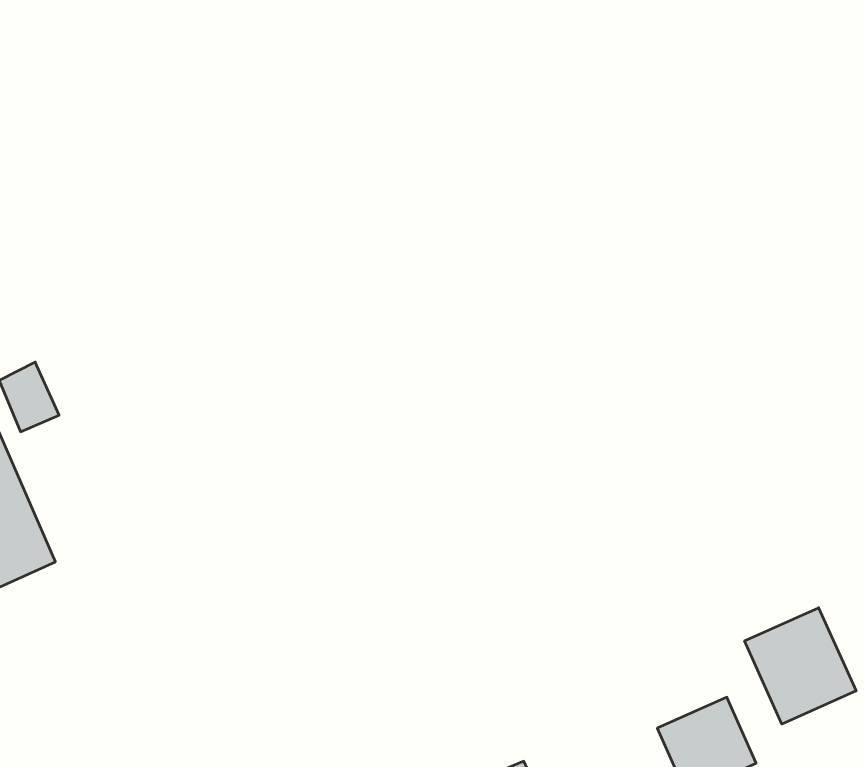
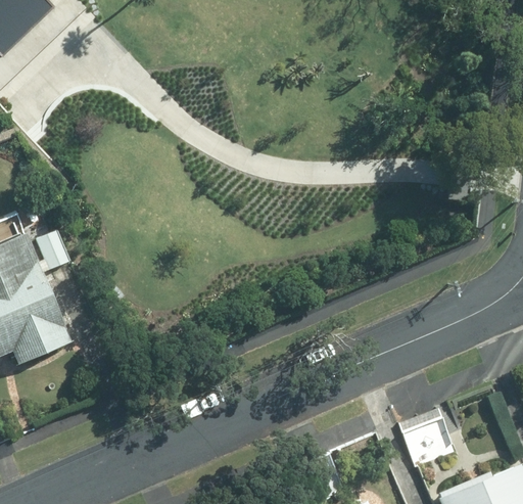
building: [745,608,856,724] -> none

